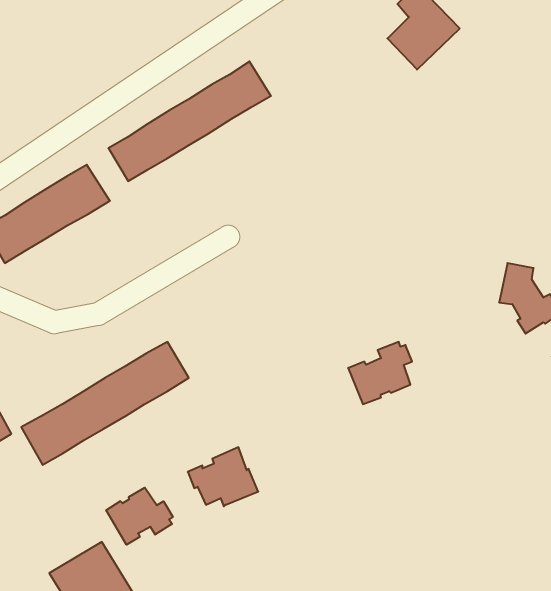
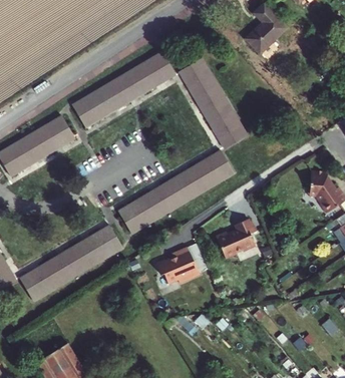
building: none -> [179,57,246,146]
building: none -> [118,149,233,231]
building: [188,447,258,506] -> [159,252,203,288]
building: [106,488,173,545] -> none

